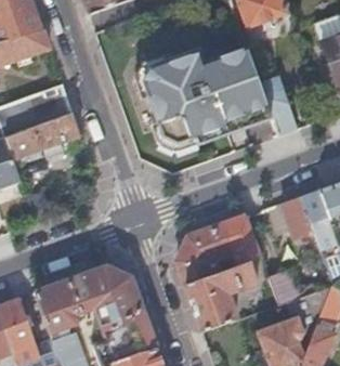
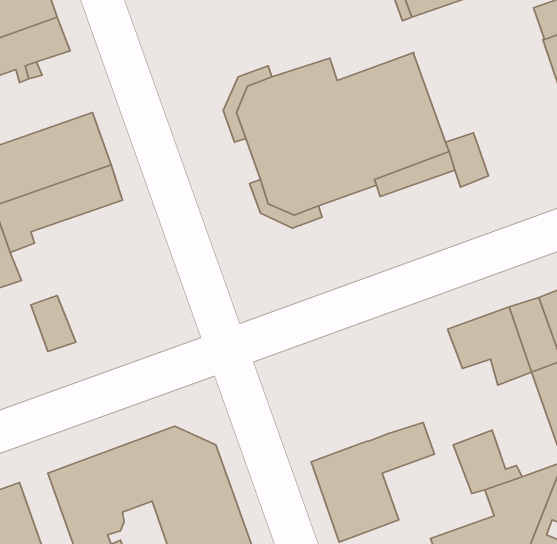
building: [178,215,264,286] -> none

